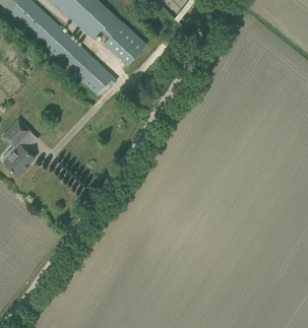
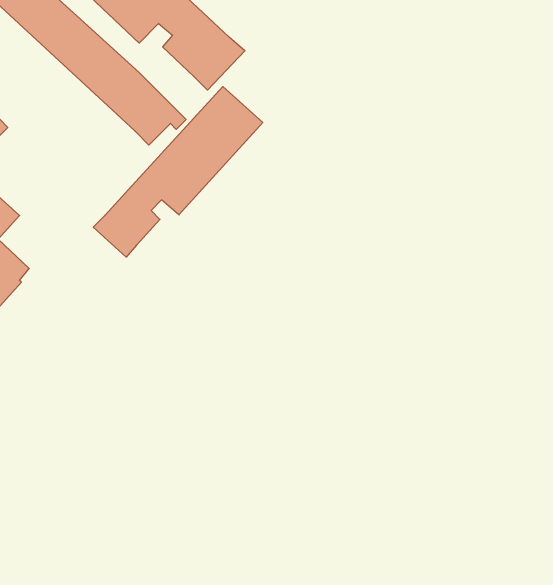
building: none -> [93,87,263,257]

